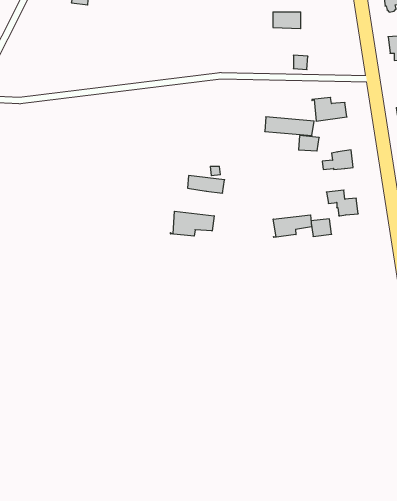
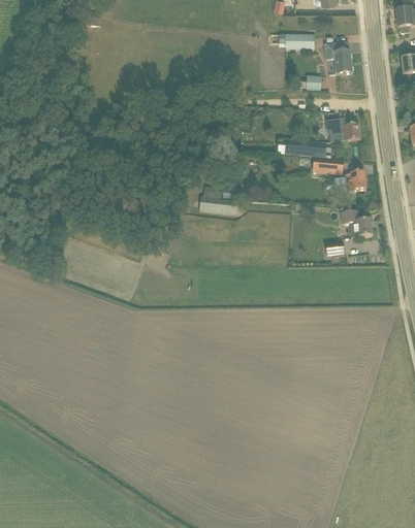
building: none -> [324,40,352,73]
building: [170,211,214,236] -> none
building: [273,215,312,237] -> none

